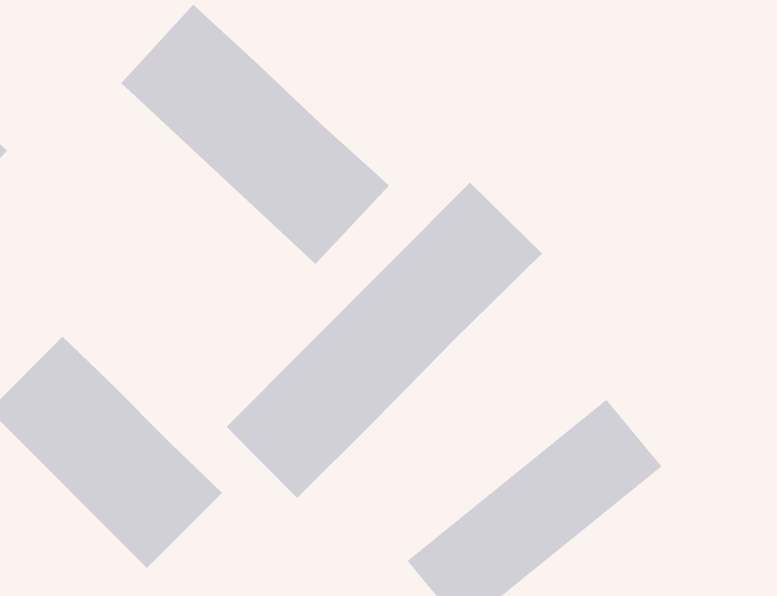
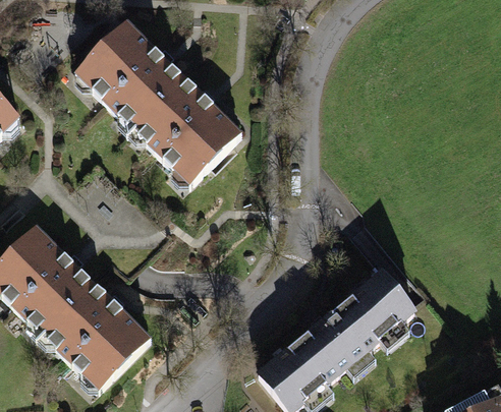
building: [226,182,543,499] -> none

